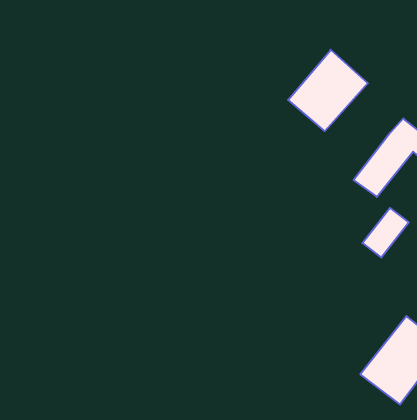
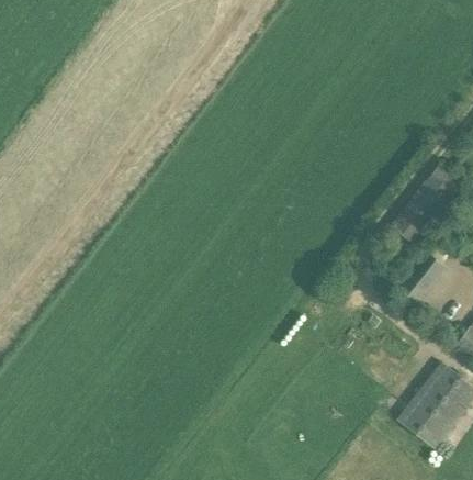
building: [288,50,368,131] -> none

